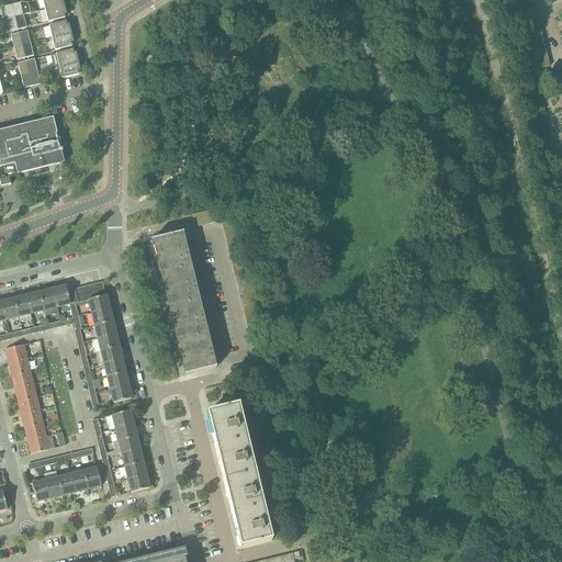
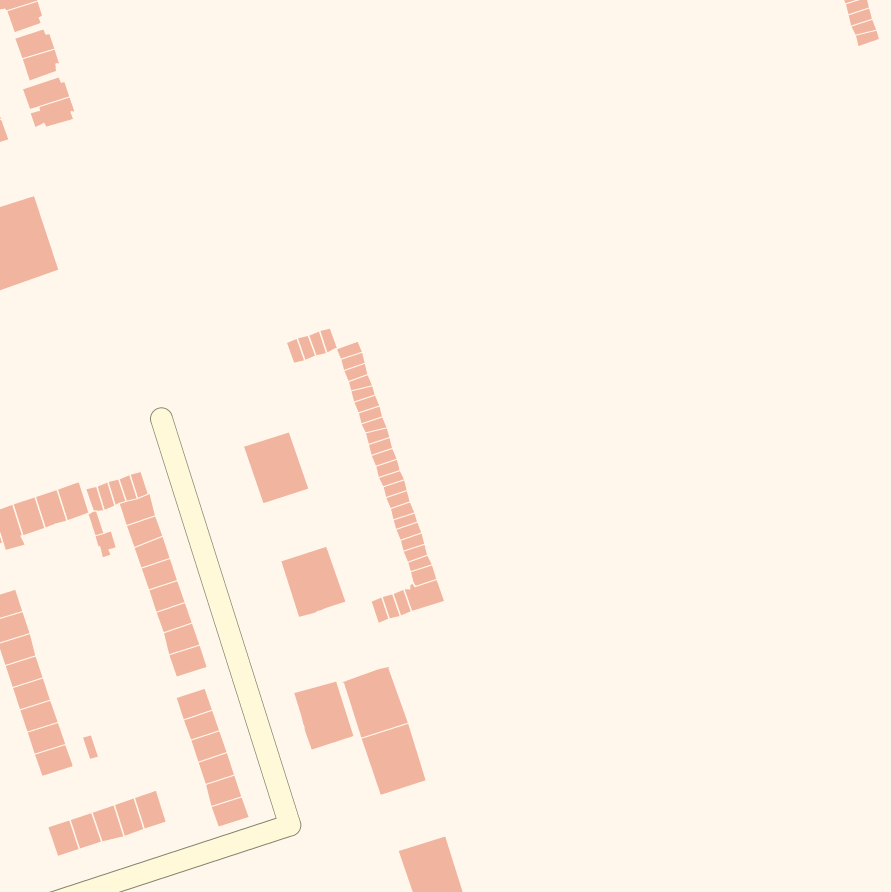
building: [151,229,190,270] -> none
building: [171,297,206,338] -> none
building: none -> [293,681,354,755]
building: [226,472,262,512] -> none

